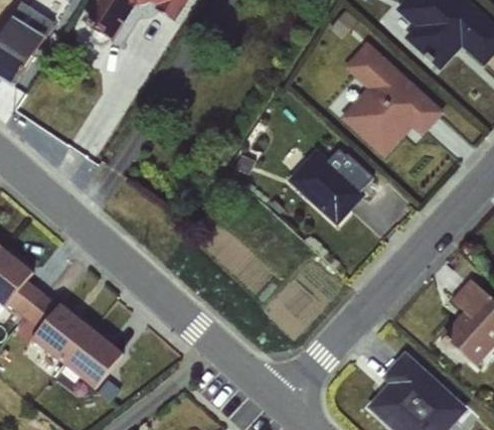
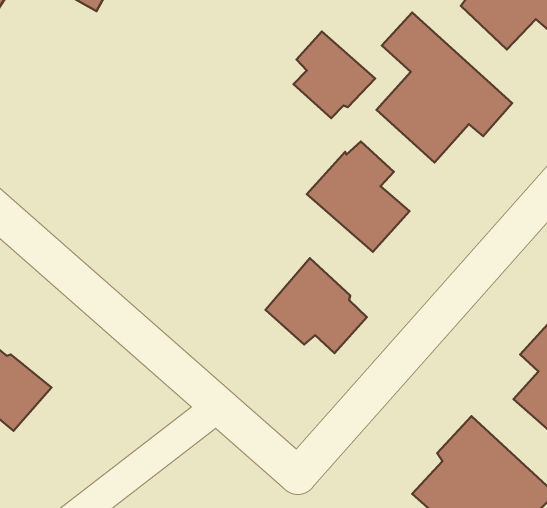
building: none -> [294,32,375,118]
building: none -> [266,258,367,353]
building: [60,327,121,394] -> none

